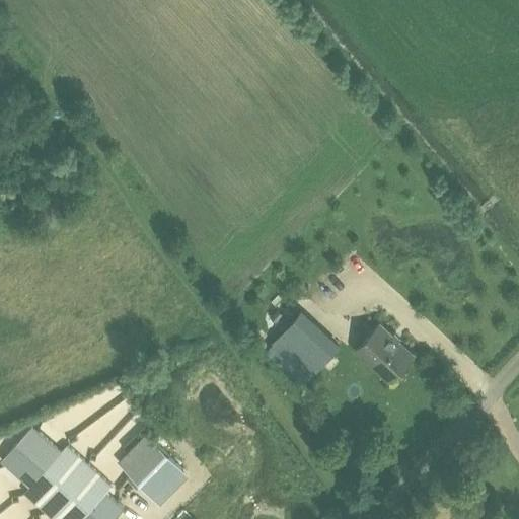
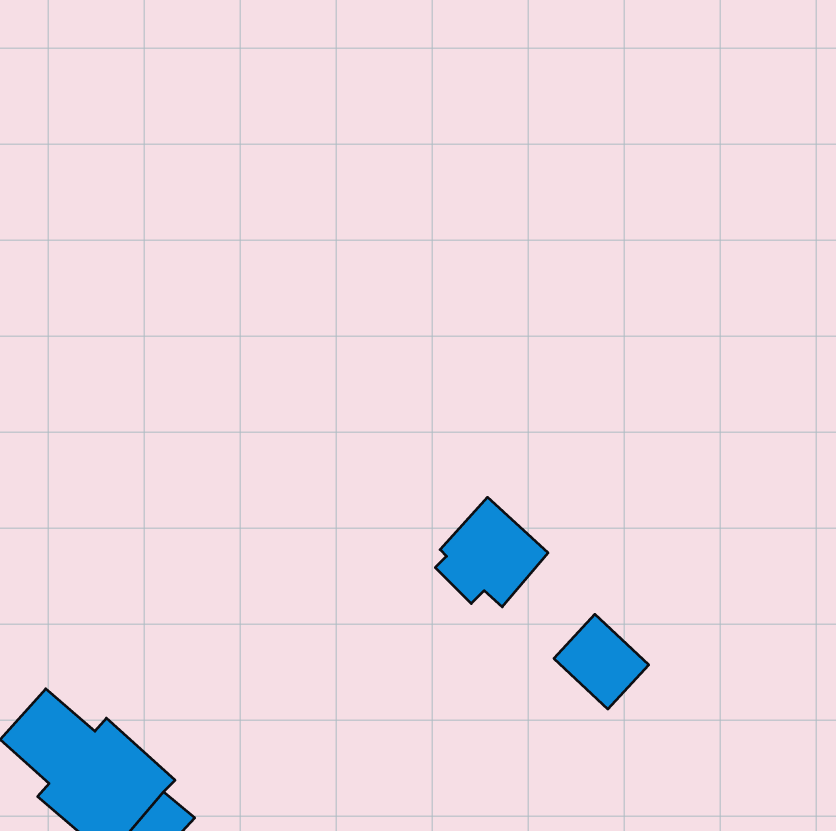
building: [355,324,414,383] -> [554,614,649,709]
building: [118,435,189,507] -> none

